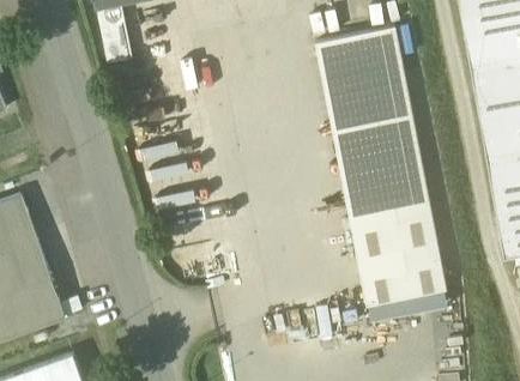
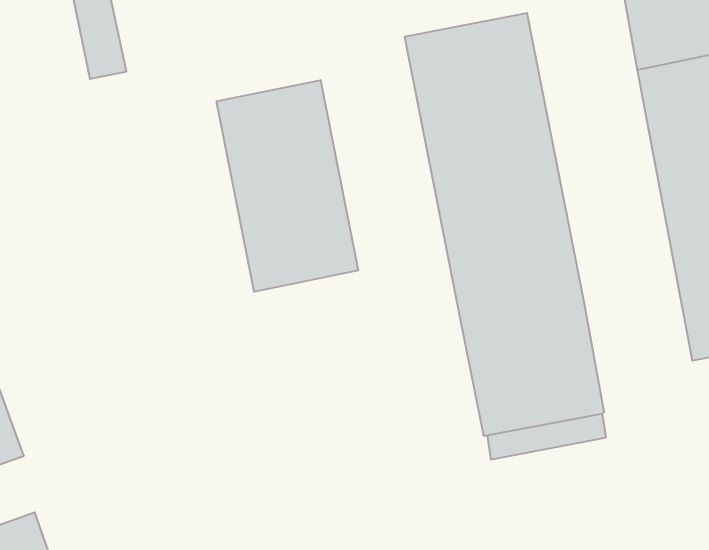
building: none -> [217,80,358,292]

